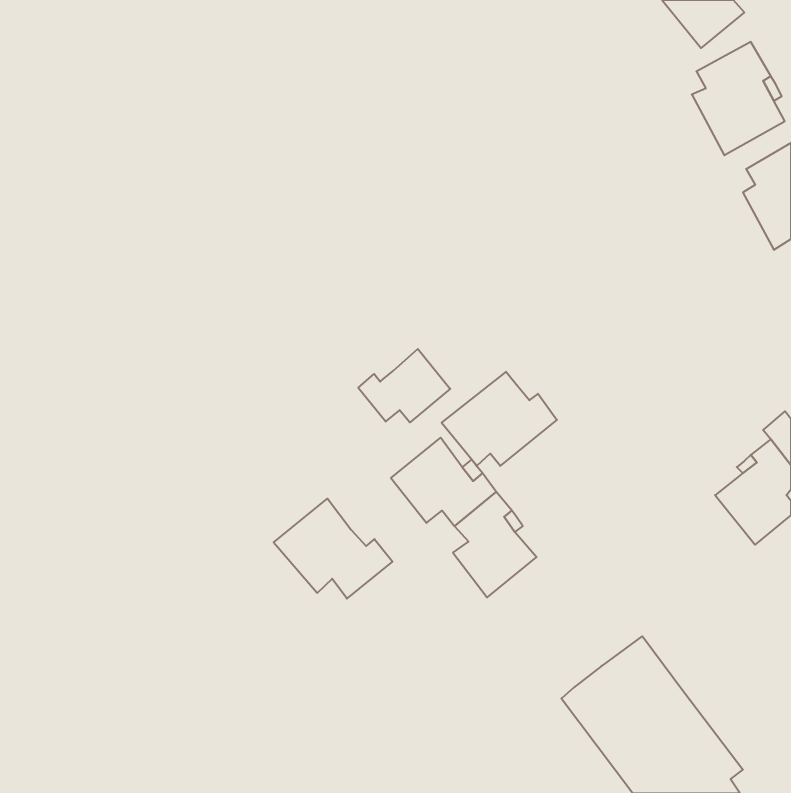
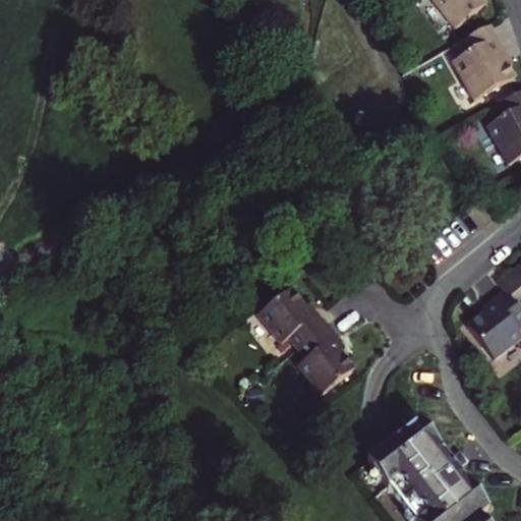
building: [358,349,450,422] -> none
building: [442,372,557,466] -> none
building: [274,499,392,599] -> none

